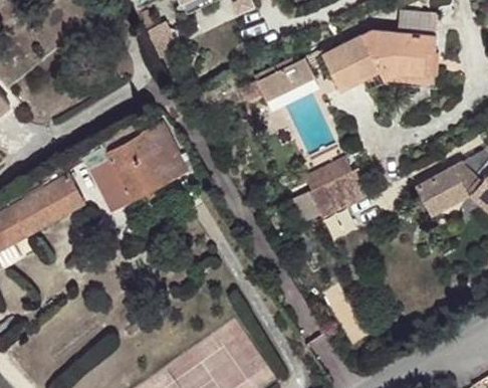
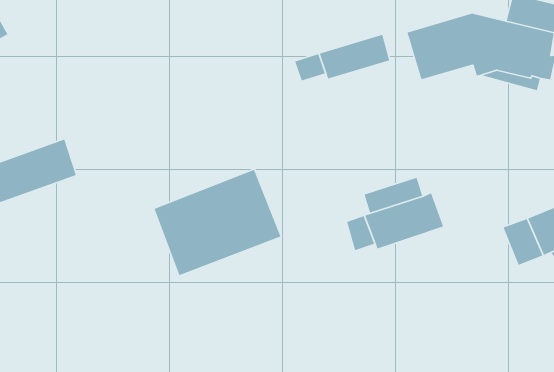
building: [81,124,184,216] -> [153,169,281,276]

